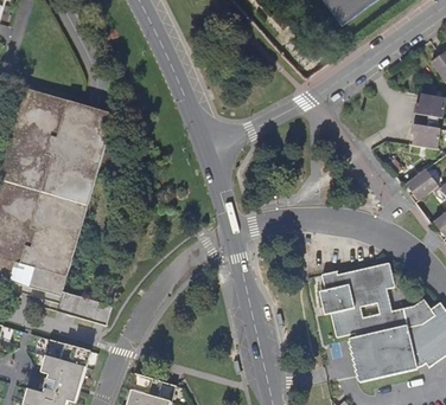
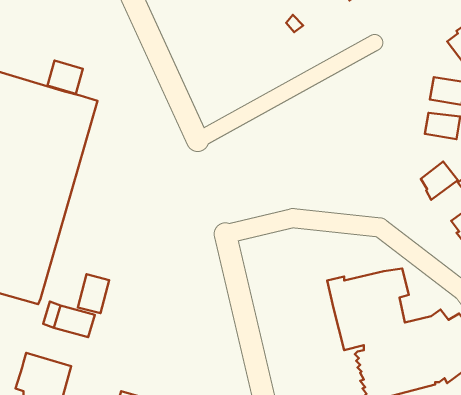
building: none -> [47,61,83,94]
building: none -> [78,274,109,313]

